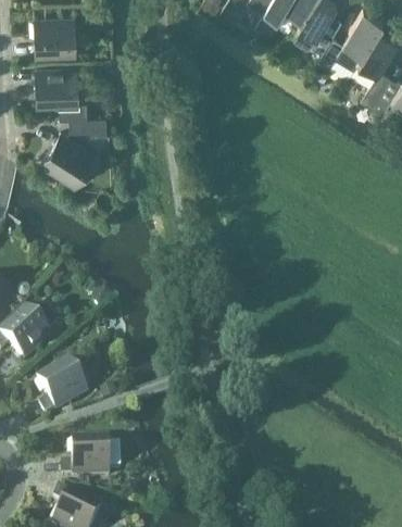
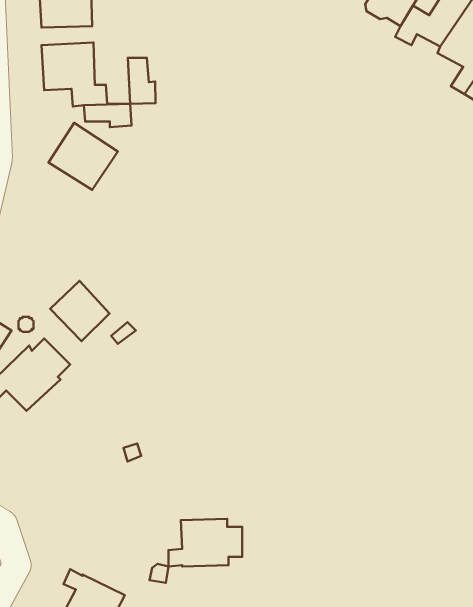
building: none -> [128,58,155,104]
building: none -> [50,281,109,341]
building: [37,357,87,413] -> none
building: [61,436,120,474] -> [168,519,242,566]

